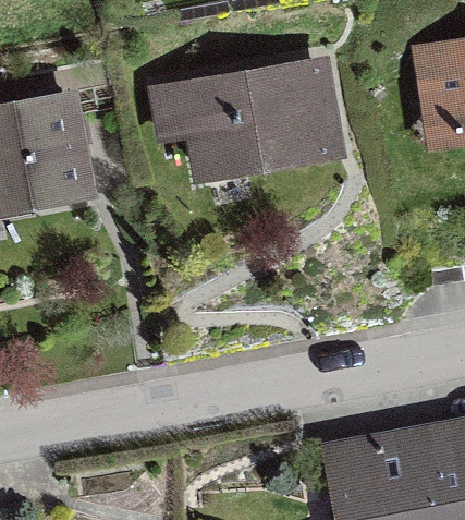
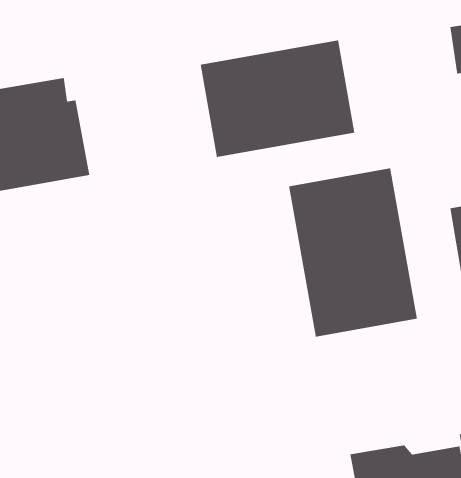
building: none -> [288,168,417,337]

